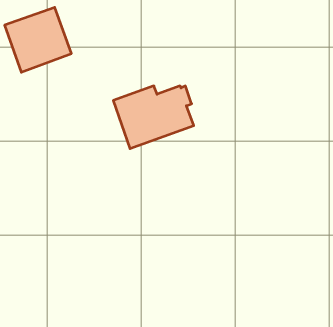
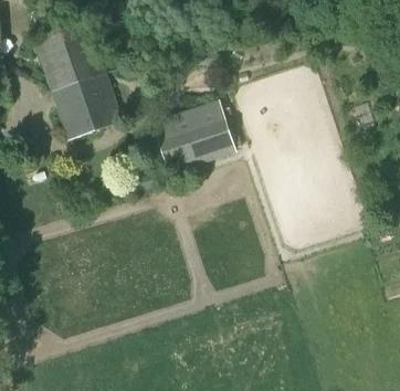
building: none -> [51,68,120,136]

